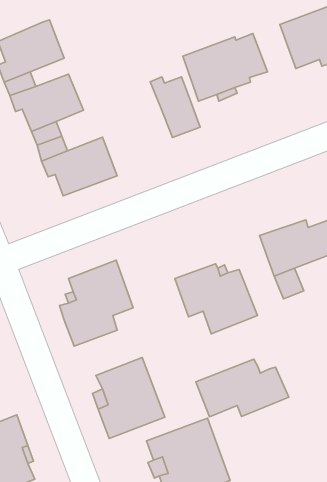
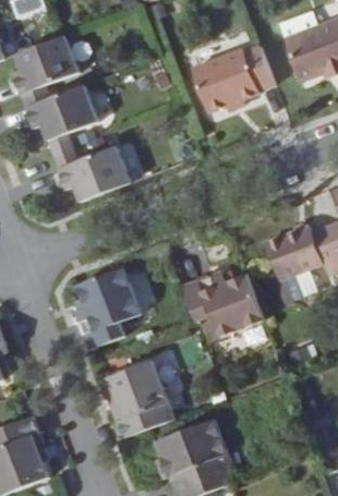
building: [150,77,200,137] -> none
building: [196,359,289,417] -> none

